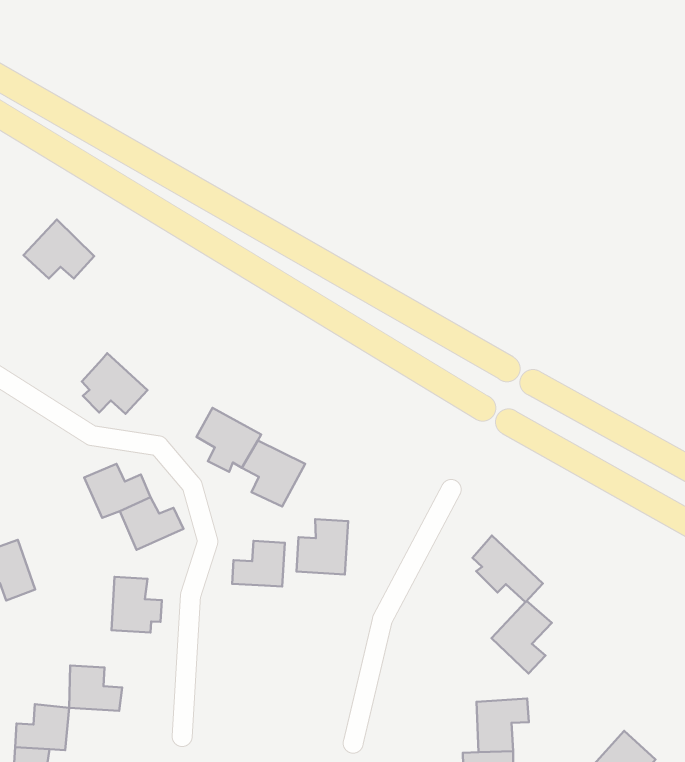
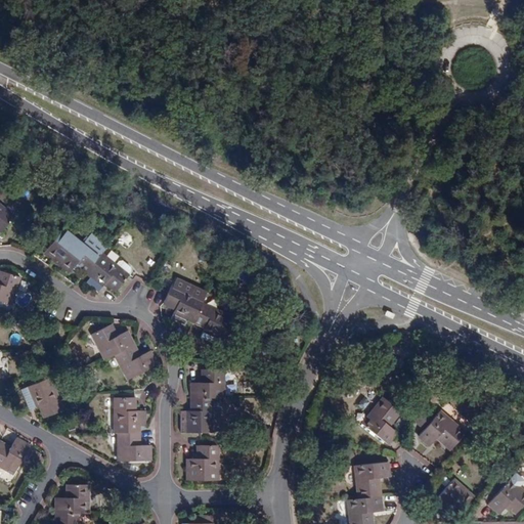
building: [23,219,94,279] -> [51,233,97,272]
building: [296,519,348,574] -> [180,397,212,432]
building: [472,535,543,602] -> none
building: none -> [418,410,464,450]
building: none -> [186,444,218,480]
building: [69,665,122,711] -> [117,432,151,460]

